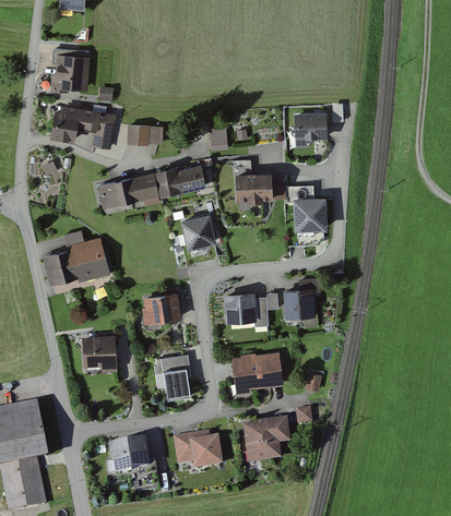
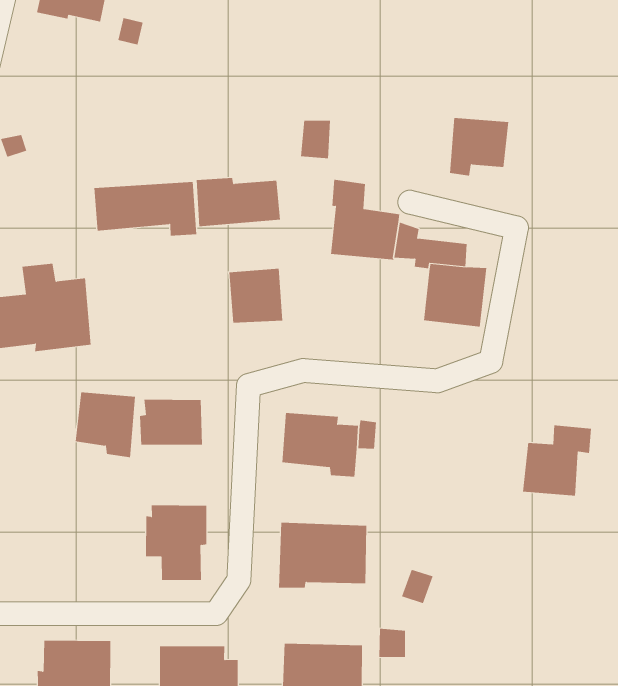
building: [50,106,115,149] -> none
building: [127,123,163,145] -> none
building: [284,277,320,319] -> [522,425,592,496]
building: [82,336,116,371] -> [75,392,136,458]

